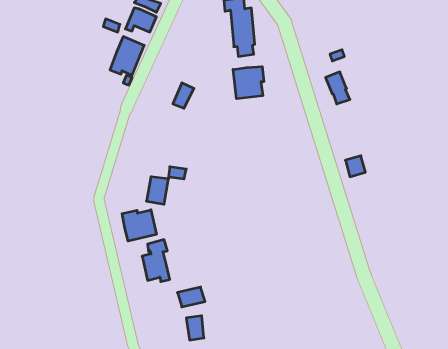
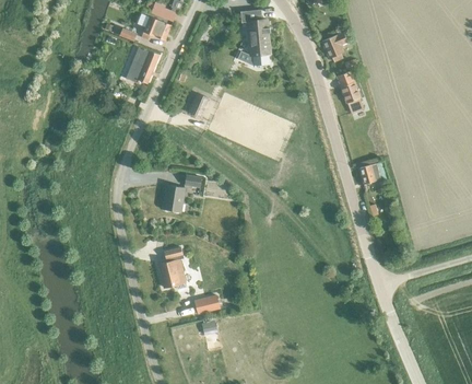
building: none -> [320,31,346,60]
building: [233,67,264,99] -> none
building: [122,210,156,241] -> none

